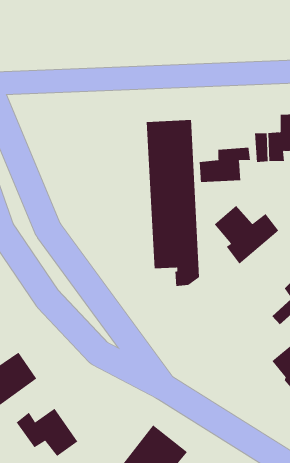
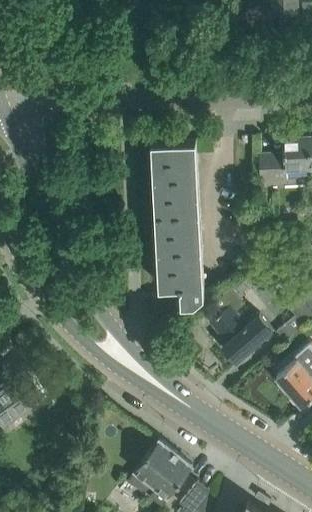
building: [199,147,251,183] -> none
building: [214,205,279,264] -> [208,306,272,364]
building: [16,408,78,457] -> none

